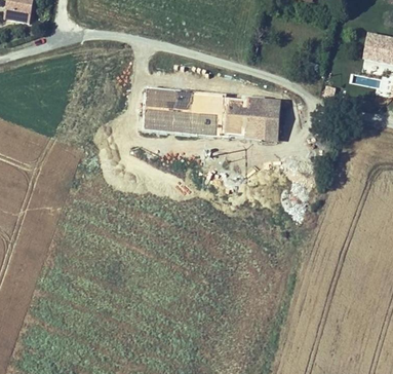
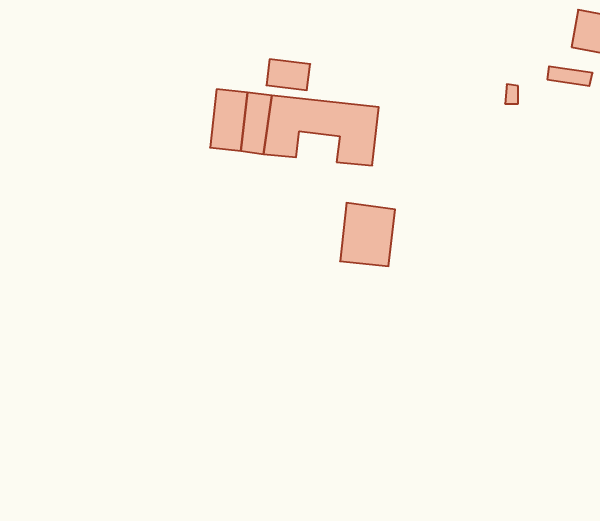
building: [242,98,277,138] -> [340,203,395,266]
building: [194,113,222,133] -> [266,59,310,90]

